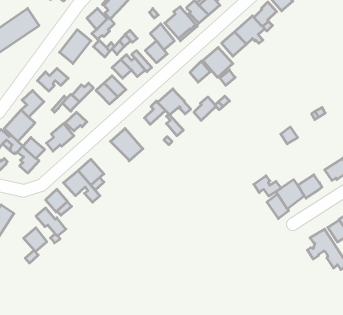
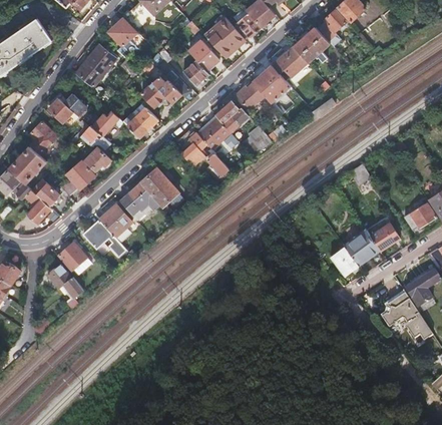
building: none -> [217,101,250,132]
building: none -> [119,182,161,214]
building: [254,176,281,196] -> none
building: [24,228,47,252] -> none

